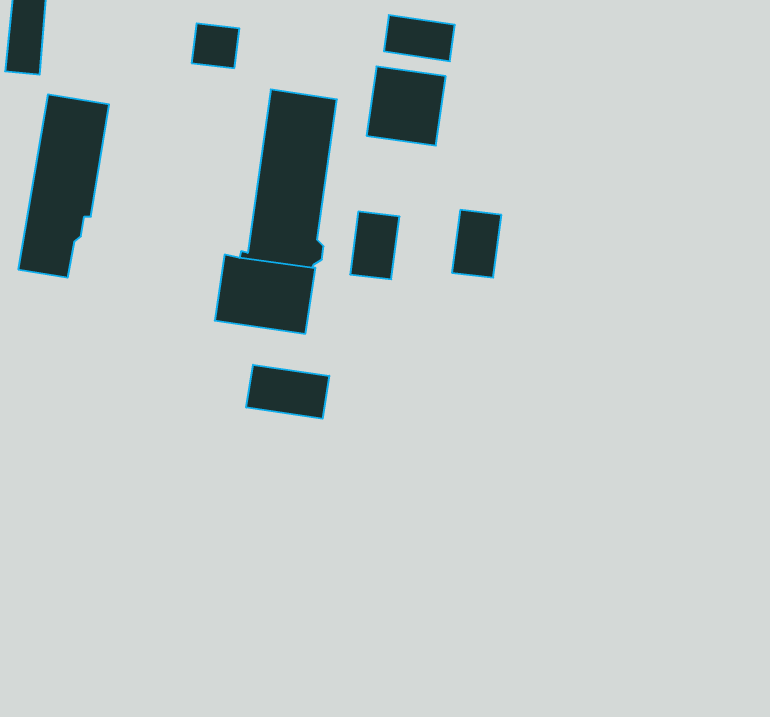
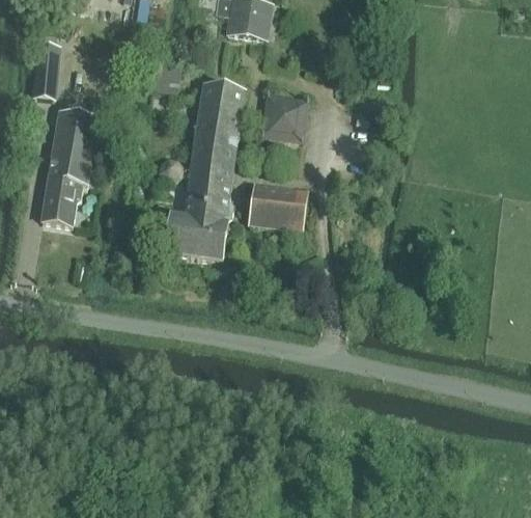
building: [384,15,455,61] -> [200,83,245,112]
building: [452,210,501,278] -> [276,186,307,228]
building: [246,365,329,419] -> none

